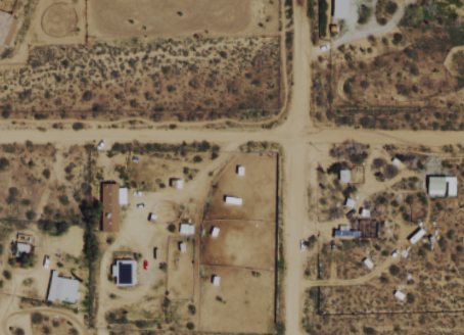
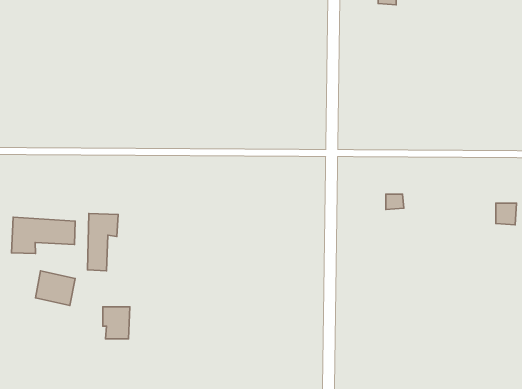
building: none -> [12,217,75,253]
building: [49,275,81,302] -> [35,271,75,305]

